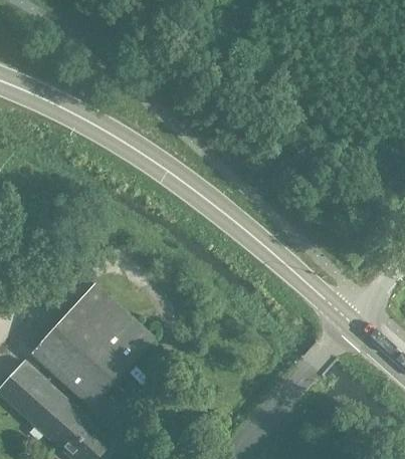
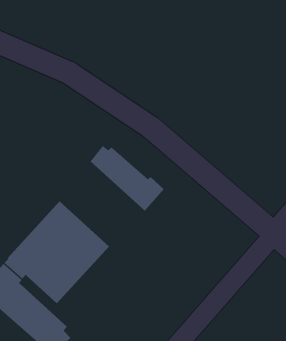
building: none -> [90,145,165,212]

